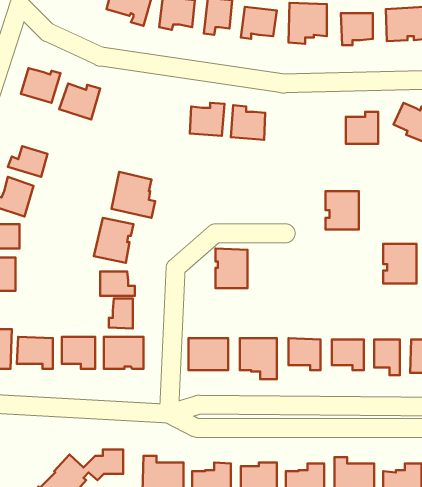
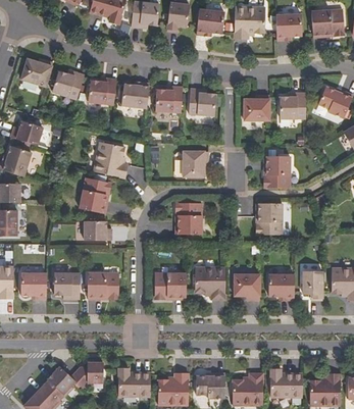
building: none -> [88,78,116,104]
building: none -> [120,82,149,108]
building: none -> [244,95,269,120]
building: none -> [185,151,208,175]
building: [383,244,416,283] -> [255,203,282,235]
building: [109,299,133,329] -> none

